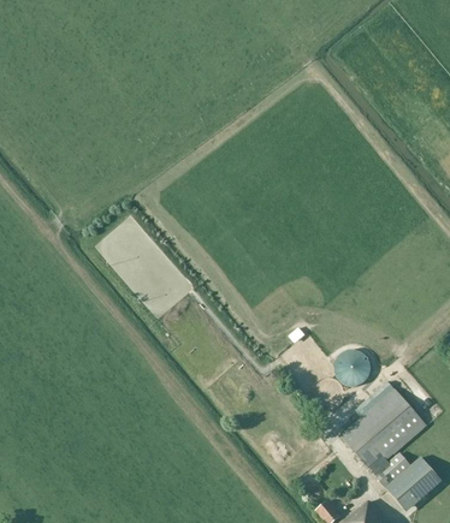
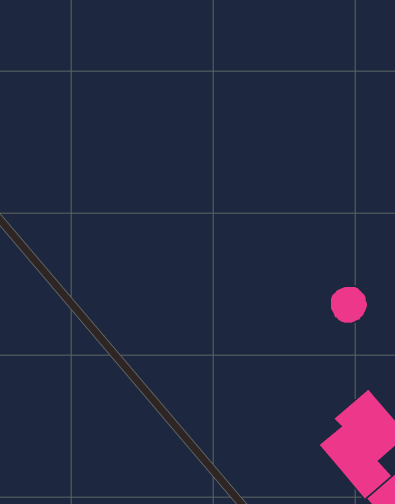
building: [334,349,371,385] -> [330,286,368,324]

